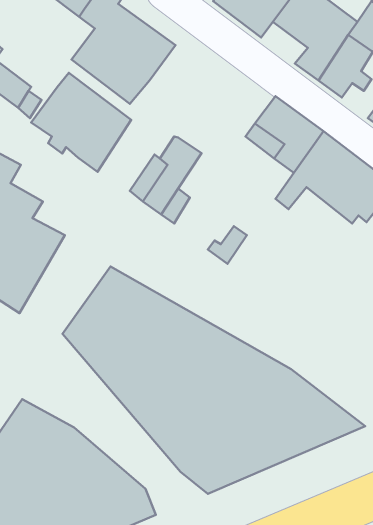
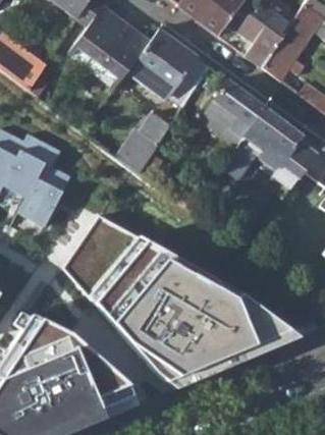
building: [31,73,131,172] -> [131,28,210,105]

